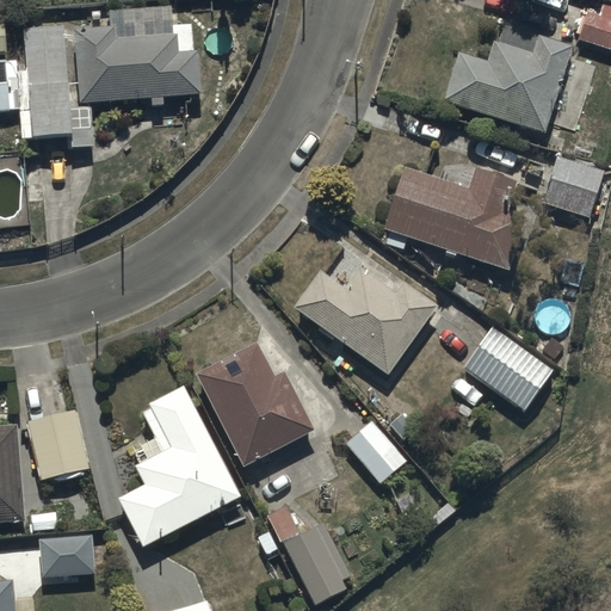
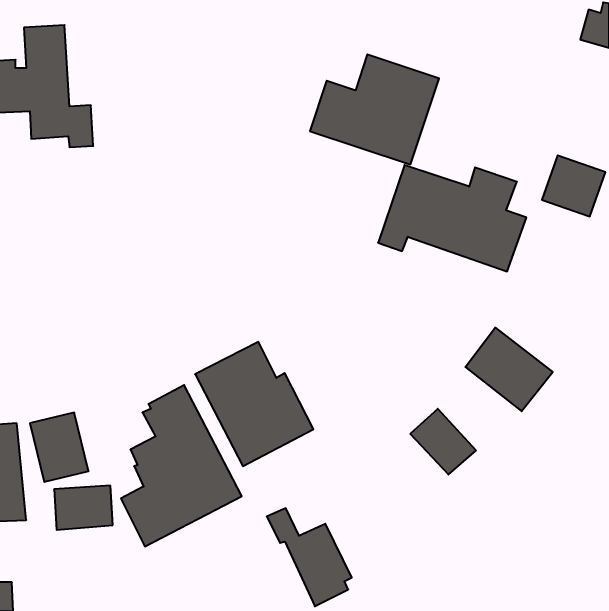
building: [75,5,200,103] -> none
building: [443,24,572,134] -> [310,54,439,164]
building: [291,265,440,378] -> none
building: [342,419,408,485] -> [410,409,476,475]
building: [37,535,95,579] -> [54,486,113,530]

